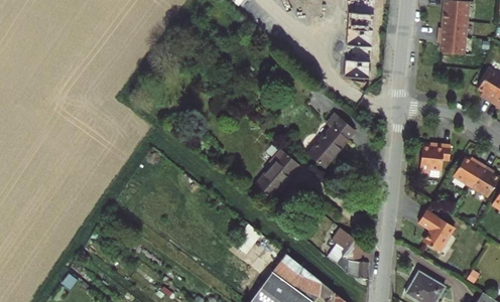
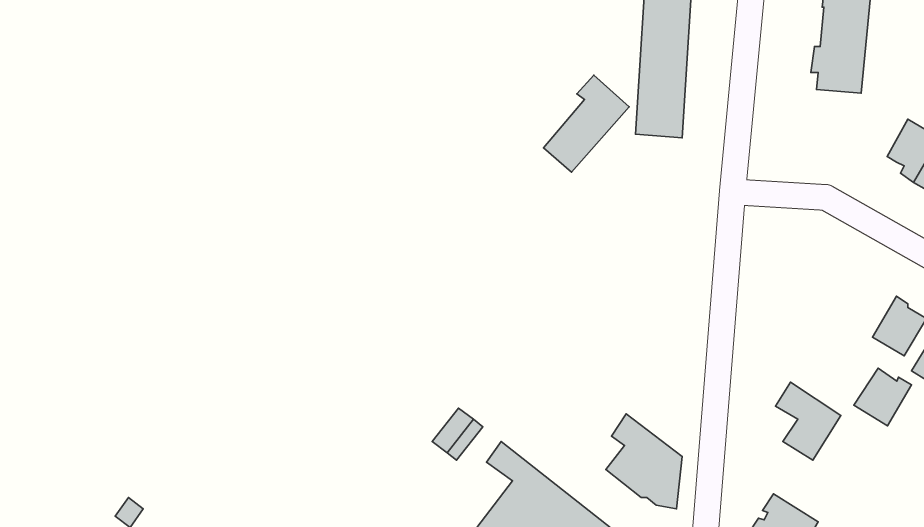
building: [308,115,355,167] -> [543,75,629,172]
building: [420,143,453,172] -> none
building: [256,150,300,196] -> none
building: [454,155,485,186] -> [854,368,912,426]

